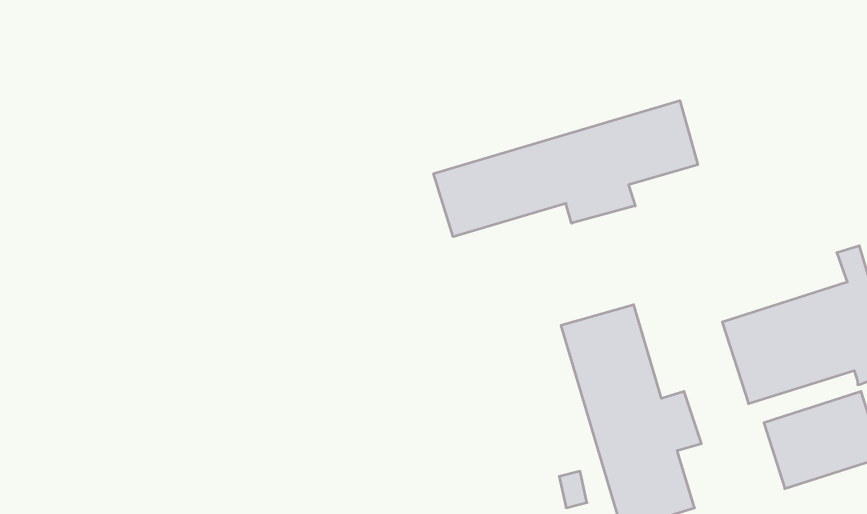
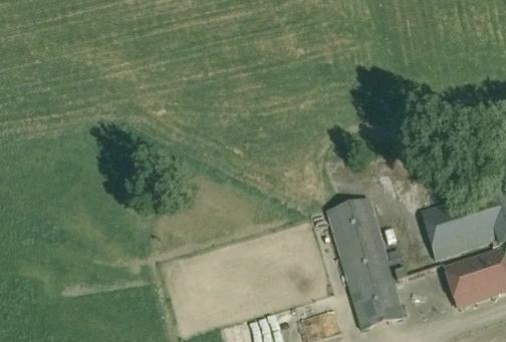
building: [434,101,698,237] -> none

